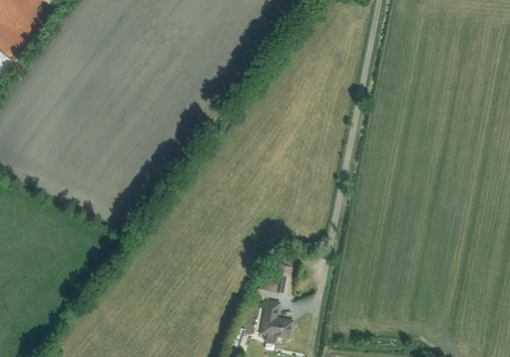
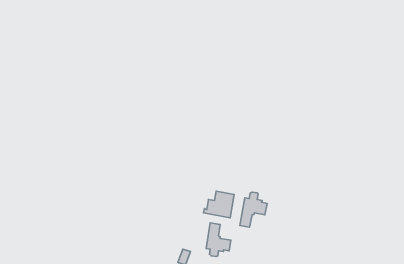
building: none -> [240,192,267,227]

